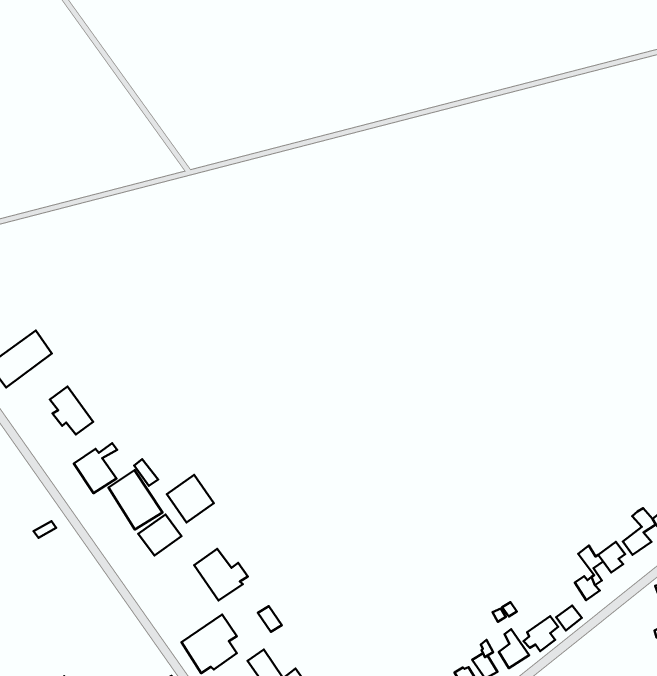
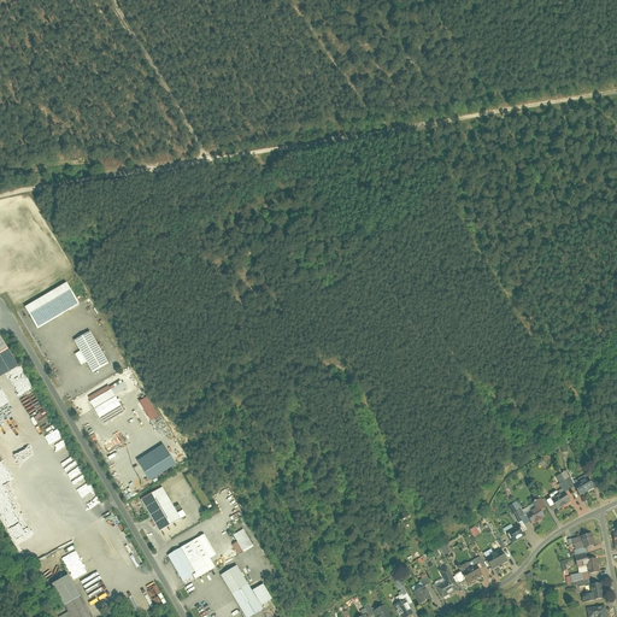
building: [108,470,162,529] -> none
building: [167,475,214,523] -> none
building: [194,549,248,600] -> [141,488,186,531]

